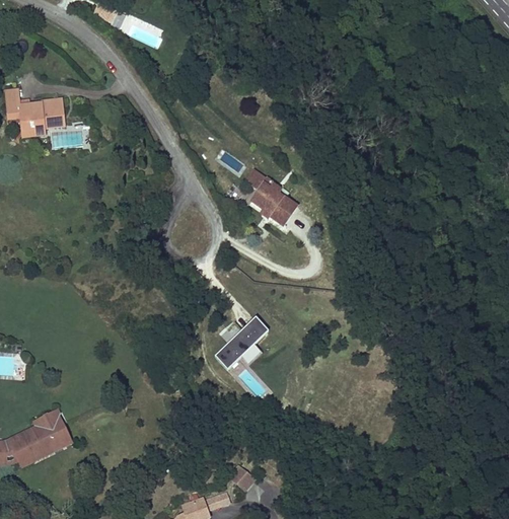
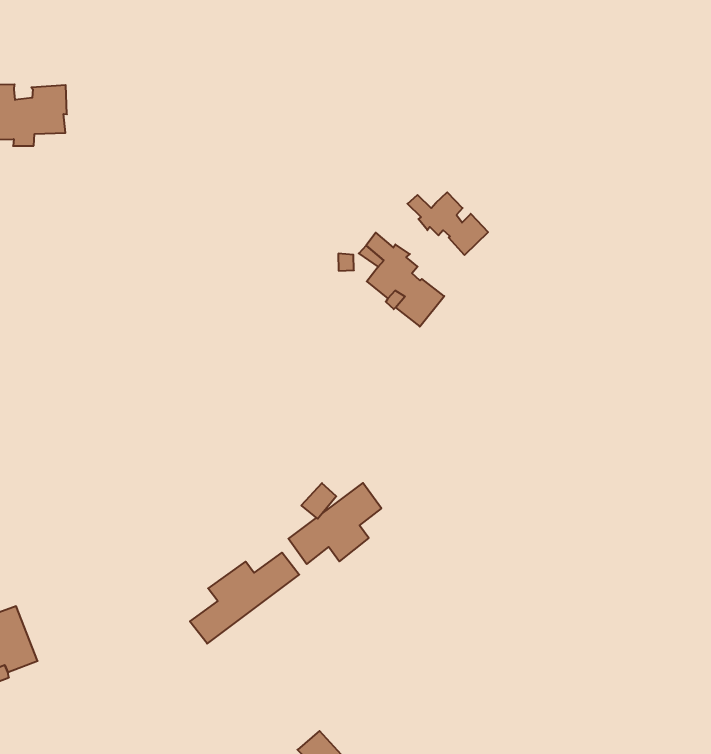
building: none -> [407,192,488,255]
building: none -> [190,553,299,644]

